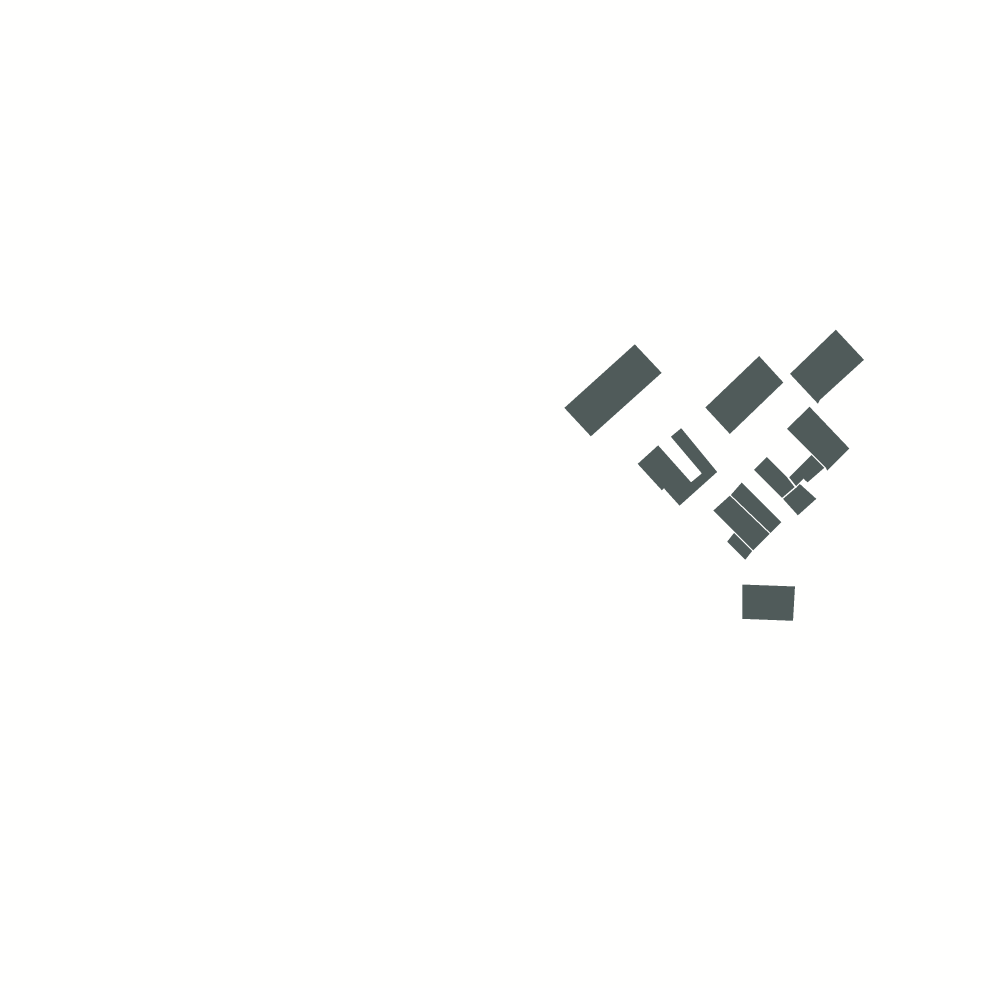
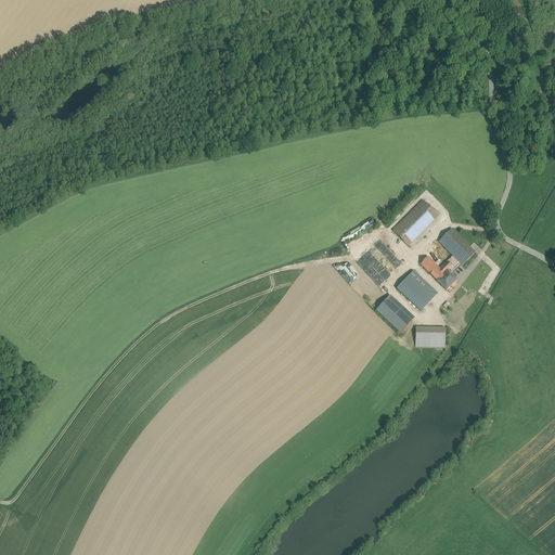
building: [789,329,865,405] -> none
building: [563,344,662,437] -> none
building: none -> [375,297,410,332]

